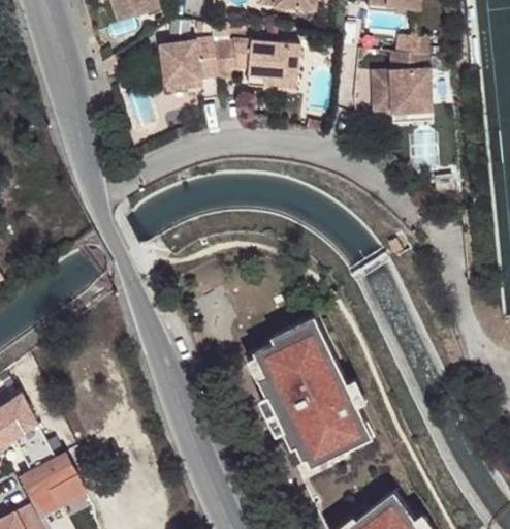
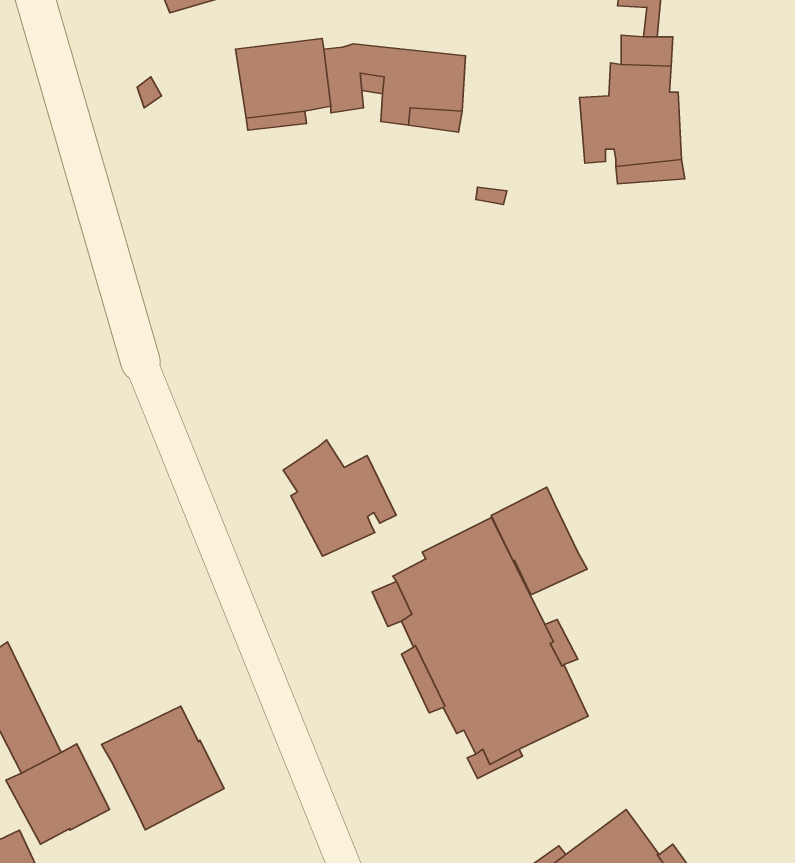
building: none -> [283,440,396,556]
building: none -> [491,487,587,595]
building: none -> [102,706,224,830]

